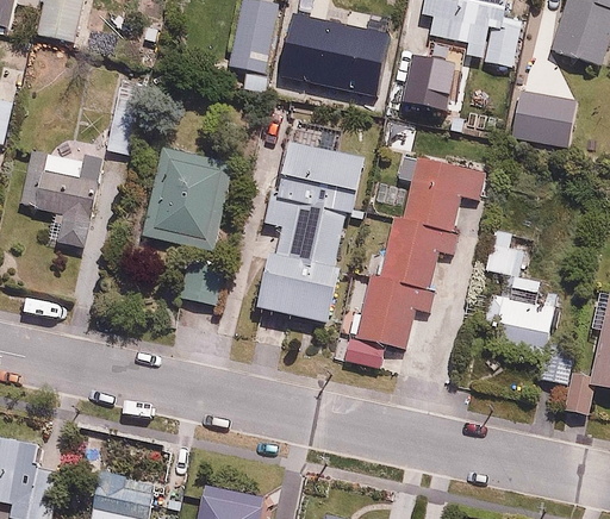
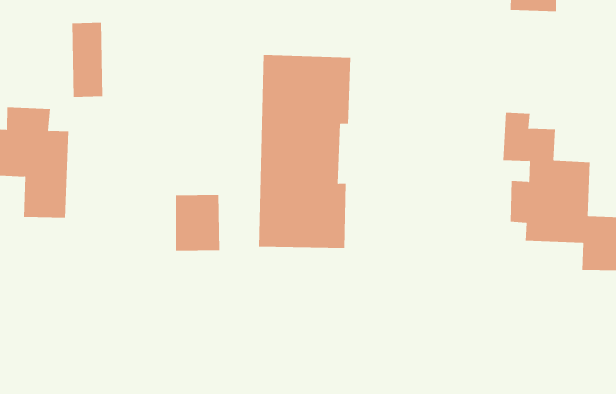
building: [145,144,232,248] -> none
building: [344,158,485,368] -> none

